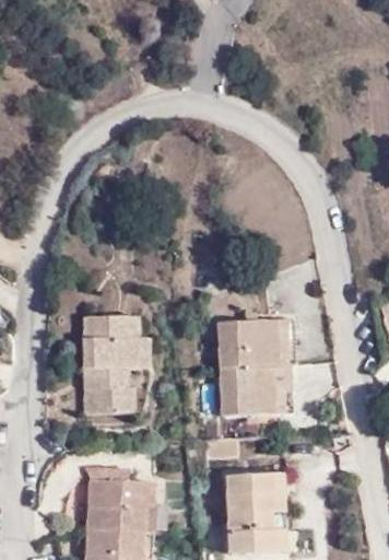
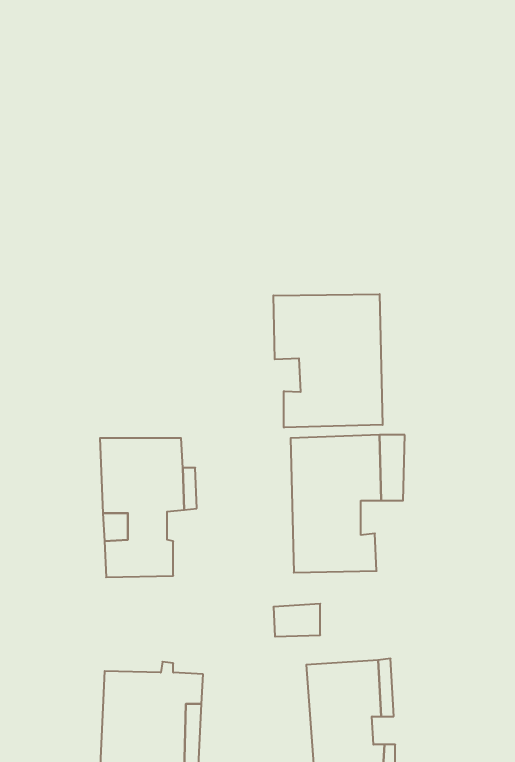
building: none -> [273,294,383,428]
building: [266,363,292,412] -> none

